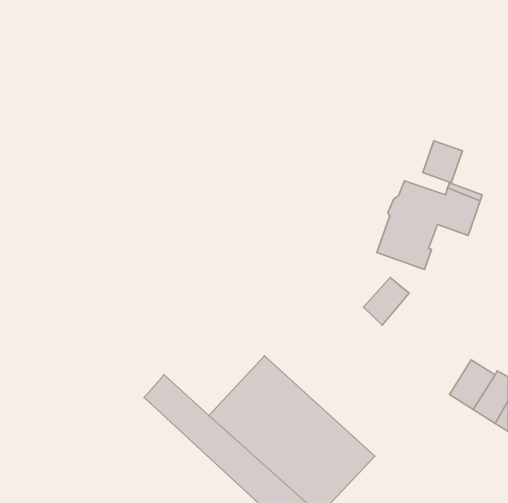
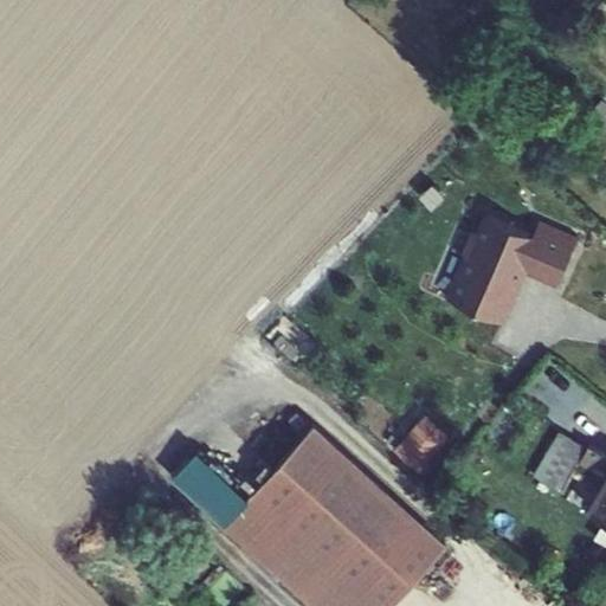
building: [423,141,463,183] -> none
building: [363,277,409,325] -> [395,418,450,475]

